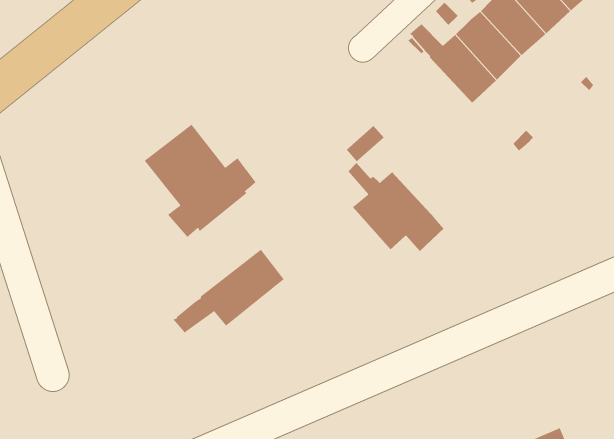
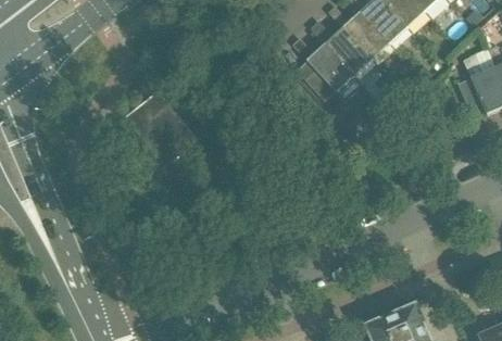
building: [347,162,445,252] -> [293,37,362,100]
building: [172,249,285,334] -> none

